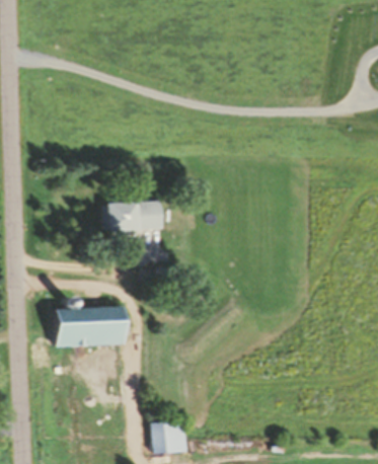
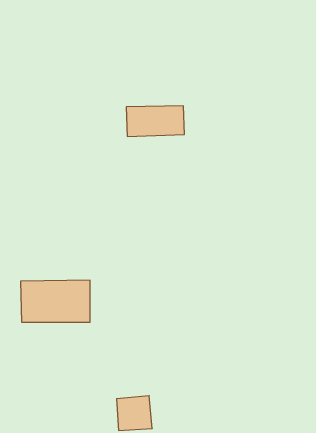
building: [105,201,163,231] -> [126,106,184,136]

